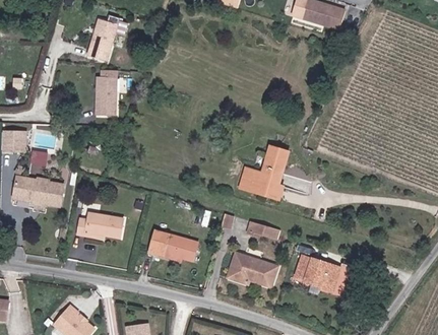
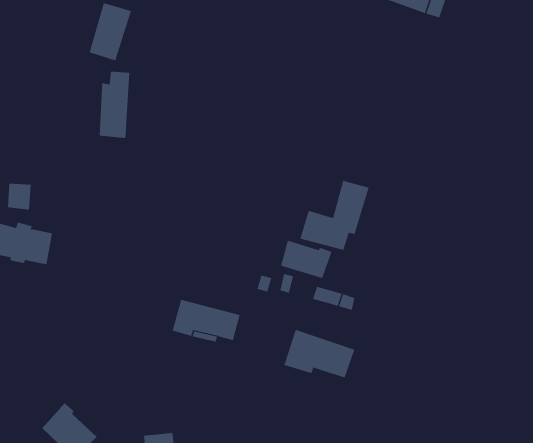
building: none -> [280,240,332,279]
building: [76,213,122,239] -> none
building: [295,257,339,291] -> none

